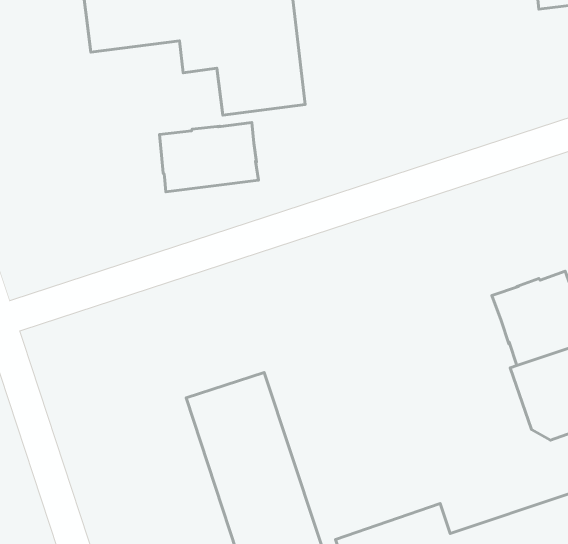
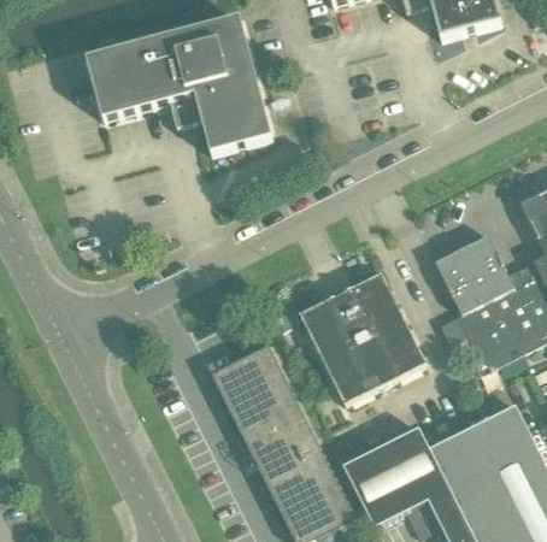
building: [159,123,258,192] -> none
building: none -> [299,272,425,403]

